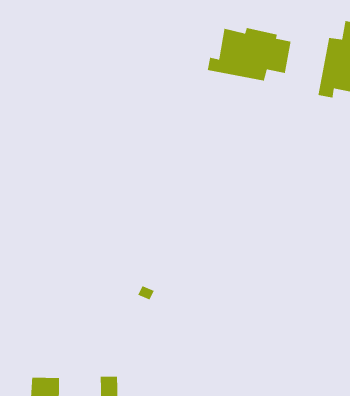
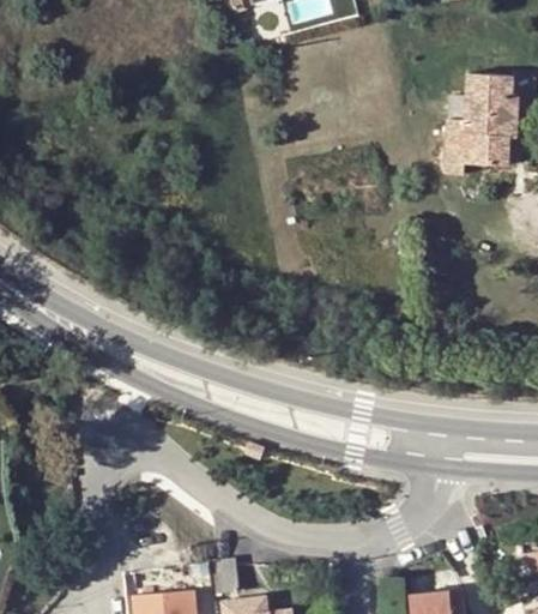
building: [207,27,291,81] -> none

